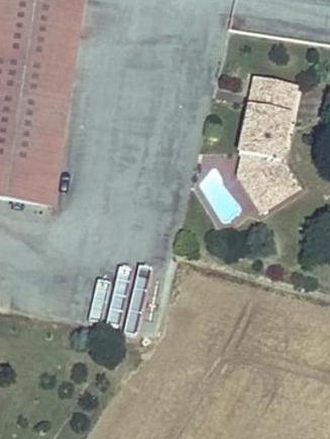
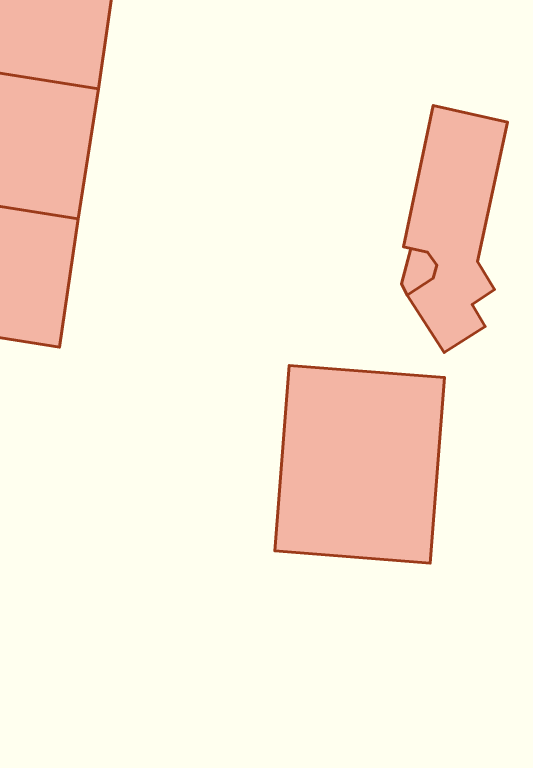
building: none -> [275,365,445,563]

